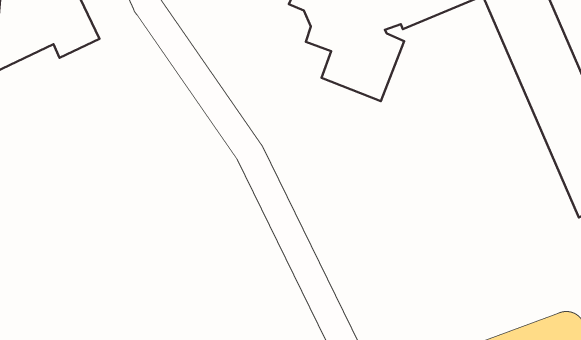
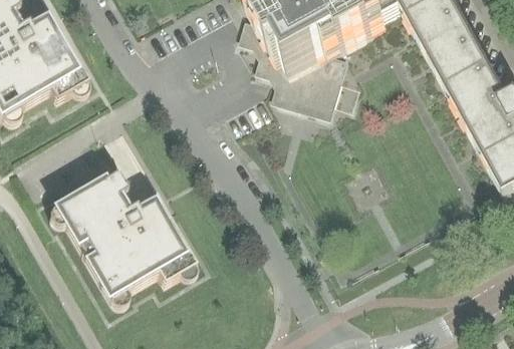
building: none -> [54,170,195,296]

